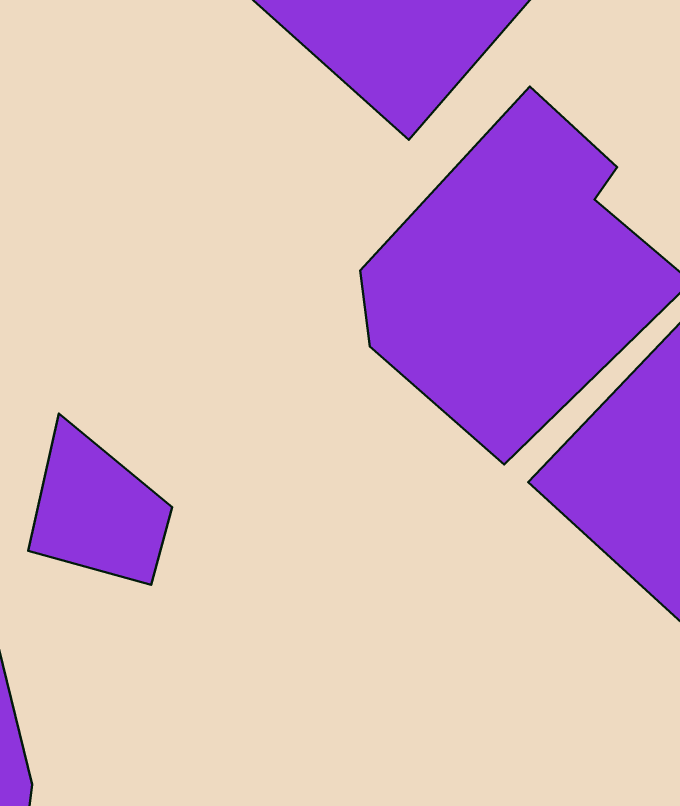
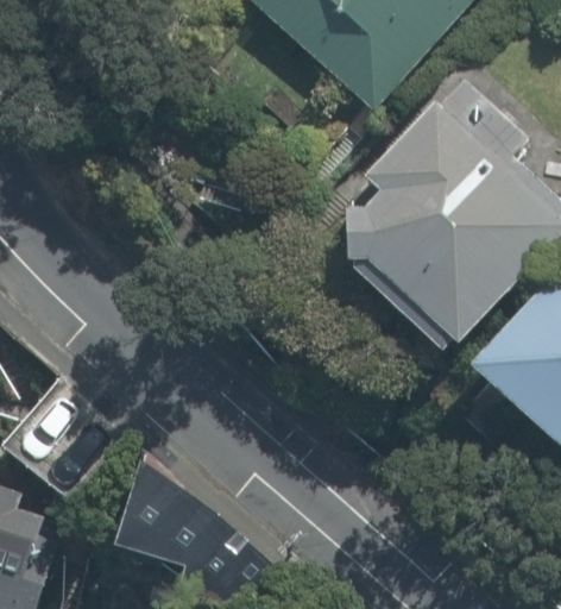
building: [28,414,172,585] -> [122,451,228,577]

